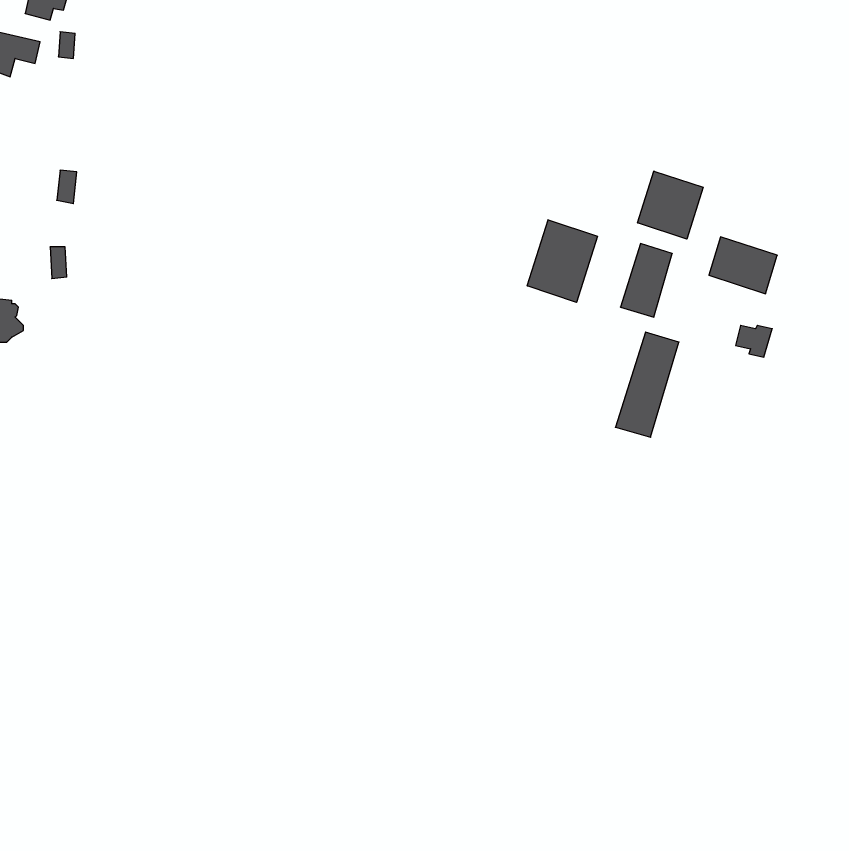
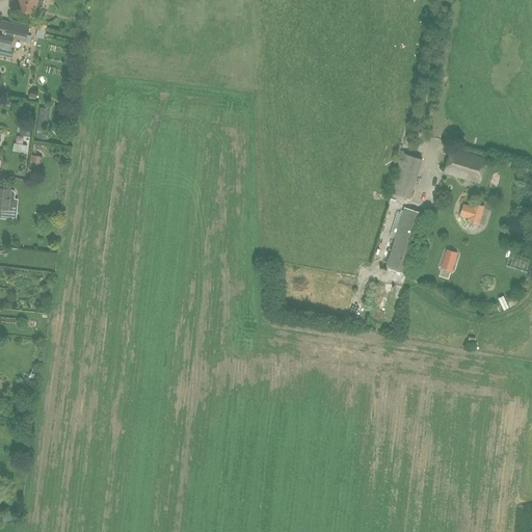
building: [638,171,703,239] -> none
building: [527,220,597,302] -> none

